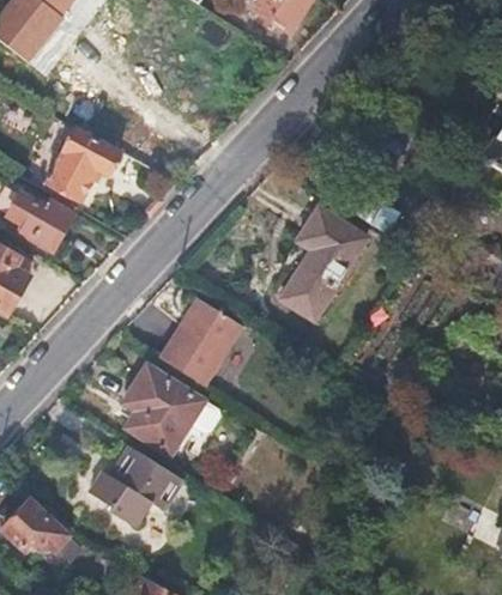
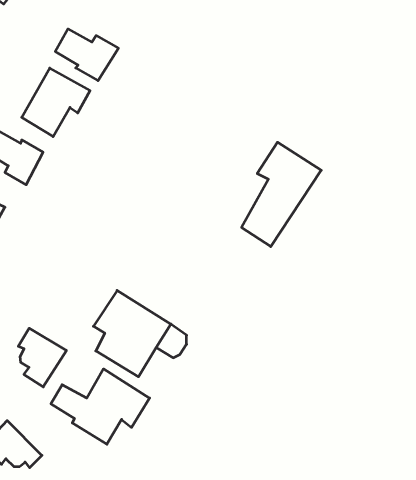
building: none -> [55,29,118,81]
building: [161,298,241,385] -> none
building: none -> [18,328,66,387]

